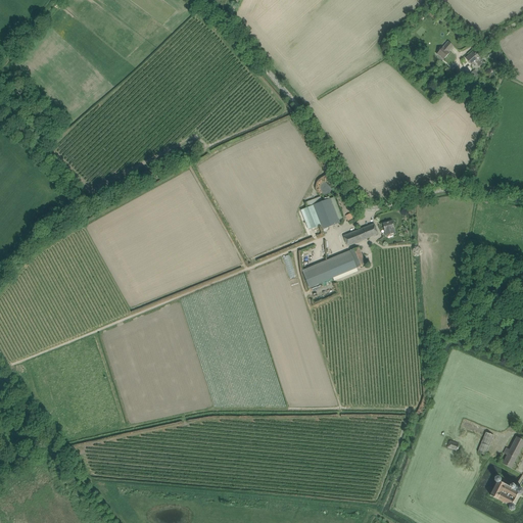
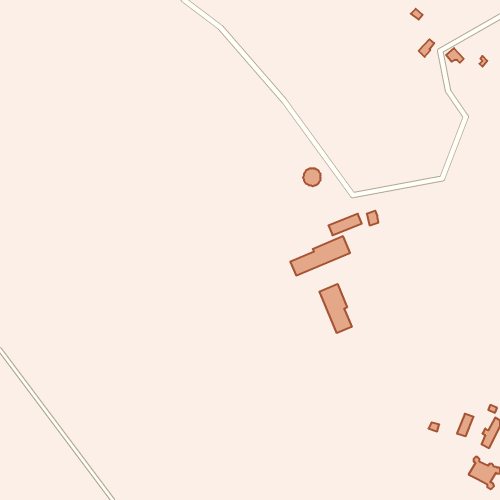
building: [303,195,342,228] -> none
building: none -> [319,284,352,333]

